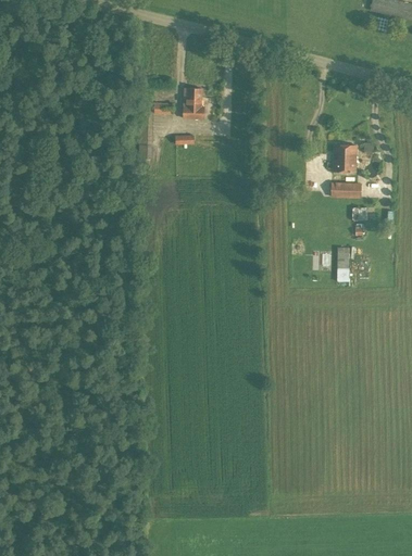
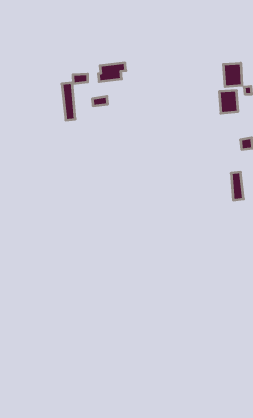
building: none -> [223,63,242,87]
building: [332,182,362,199] -> none

